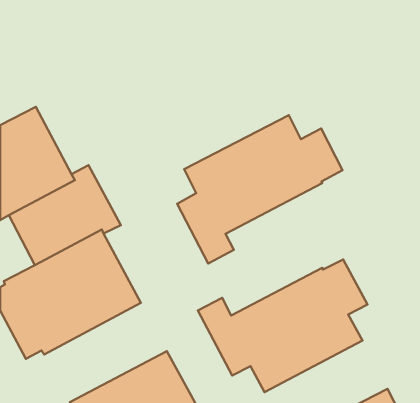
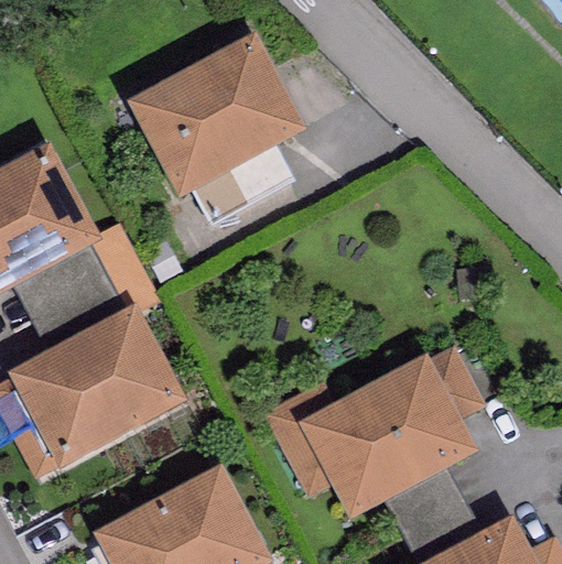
building: none -> [126,35,305,198]
building: [177,115,342,263] -> none

